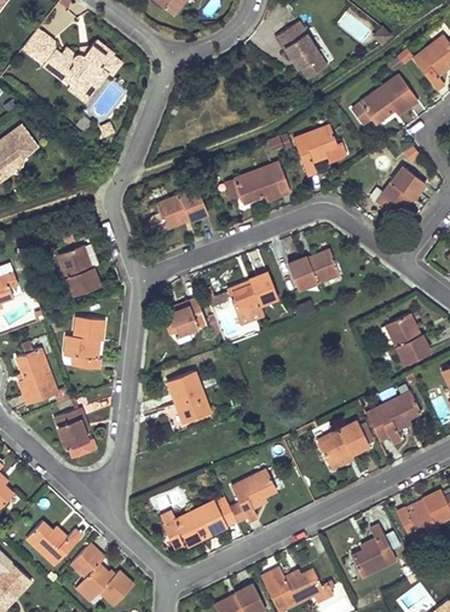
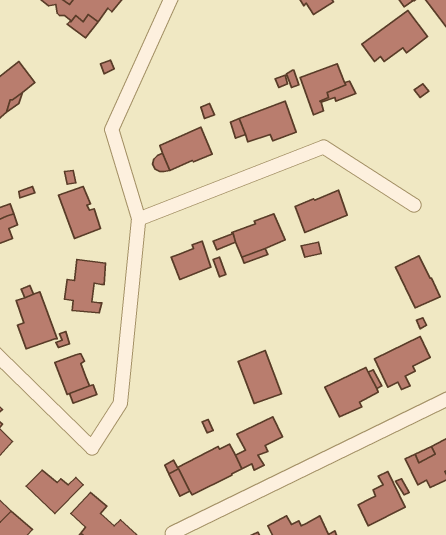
building: [377,167,426,218] -> none
building: [168,370,210,422] -> [238,350,281,404]

